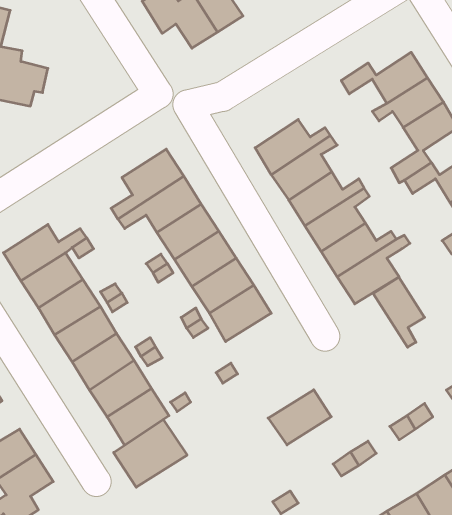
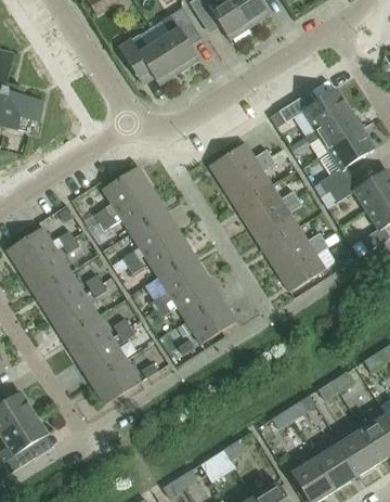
building: [373,277,425,347] -> none
building: [268,390,331,445] -> [185,298,236,343]
building: [114,420,187,487] -> none

